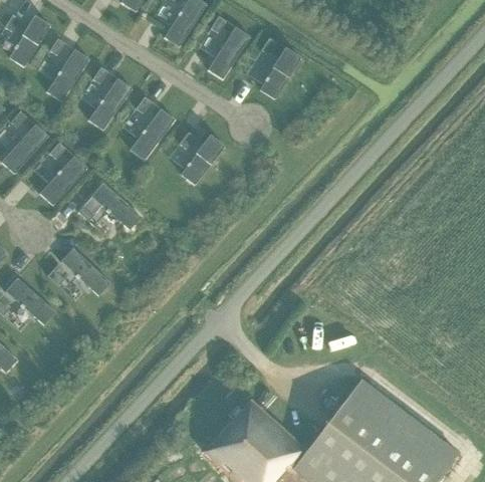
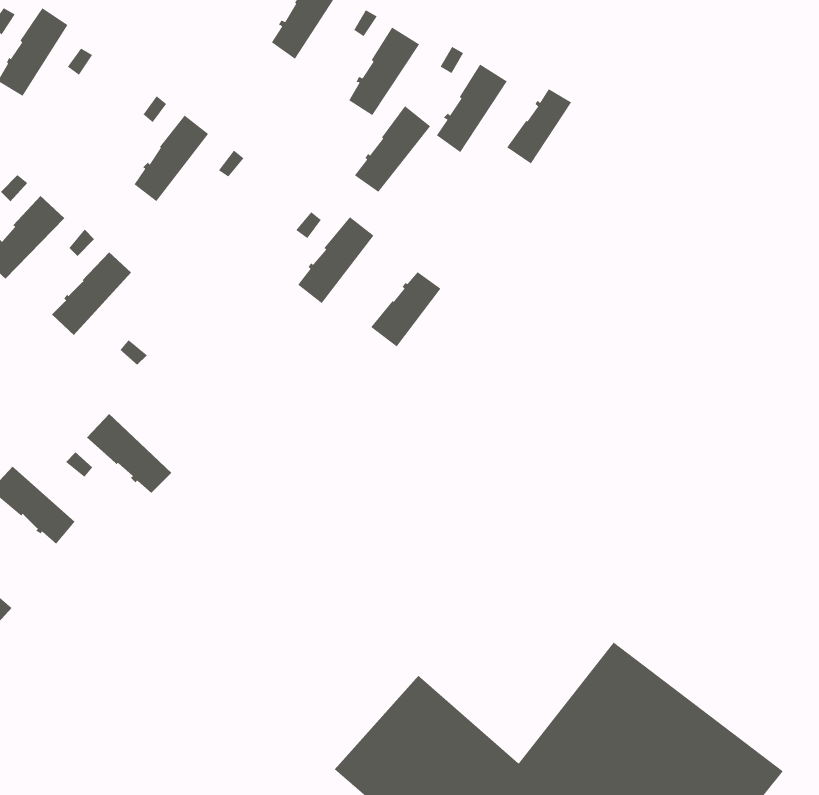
building: [46,49,88,100] -> none
building: none -> [506,88,572,164]
building: [130,108,174,159] -> [354,105,431,193]
building: none -> [370,271,442,348]
building: [89,184,140,229] -> none

